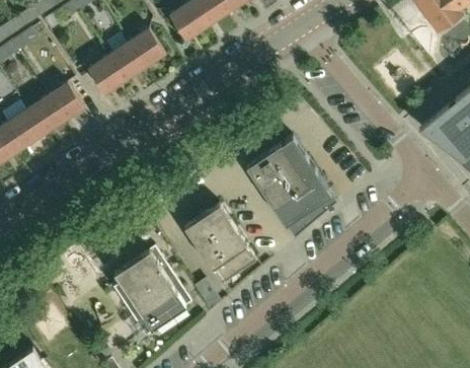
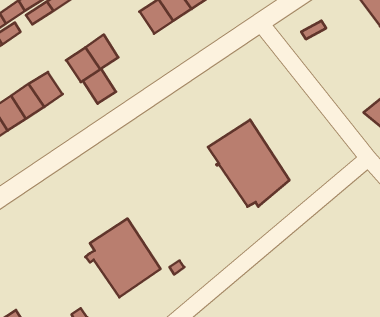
building: [130,27,166,66] -> [83,69,116,104]
building: [183,203,255,282] -> none

